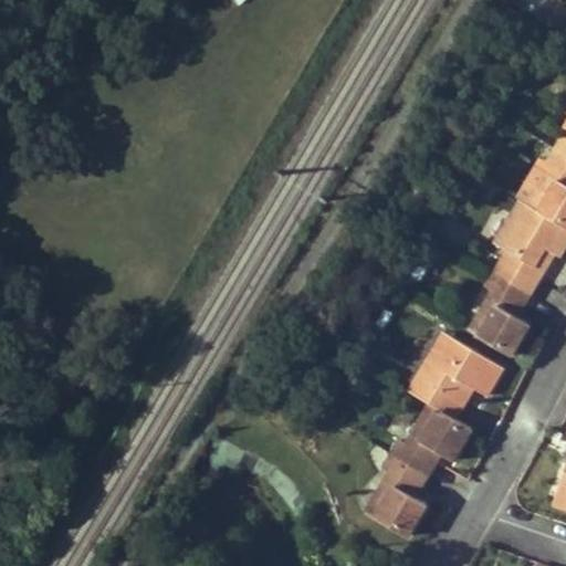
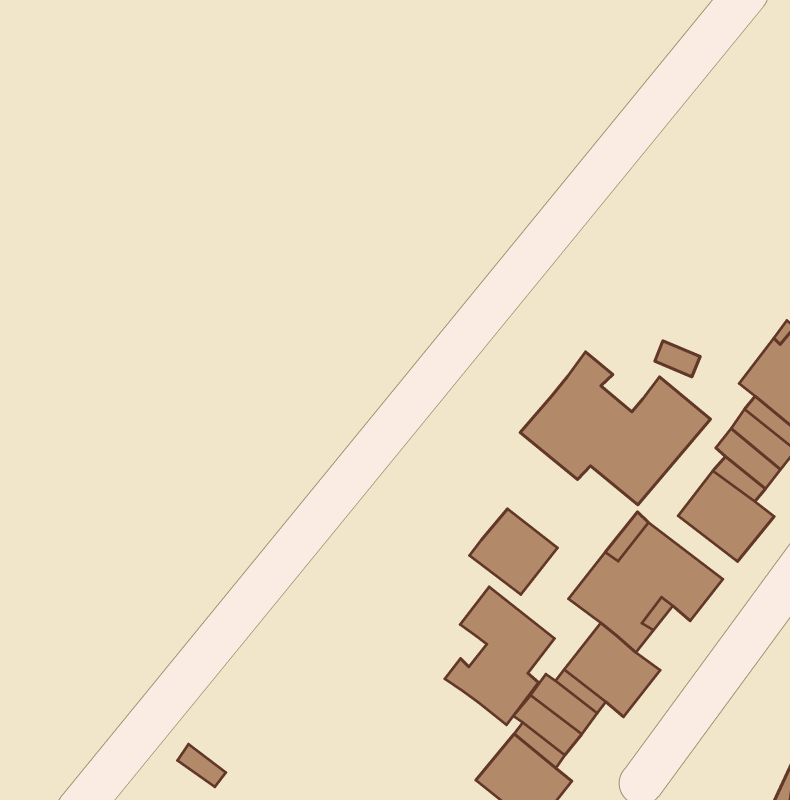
building: none -> [520,352,710,505]
building: none -> [470,509,557,594]
building: none -> [445,587,554,725]

